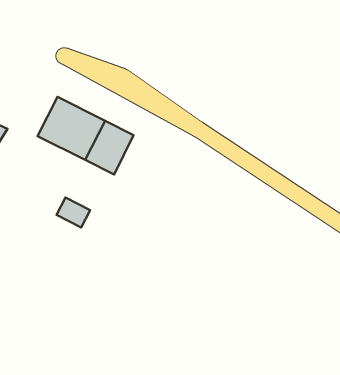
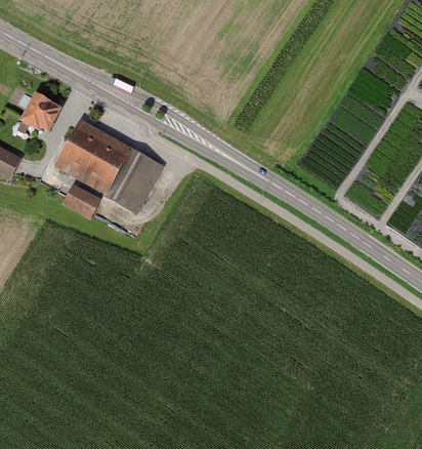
building: none -> [19,92,60,133]
building: [56,197,90,228] -> [62,182,100,216]

